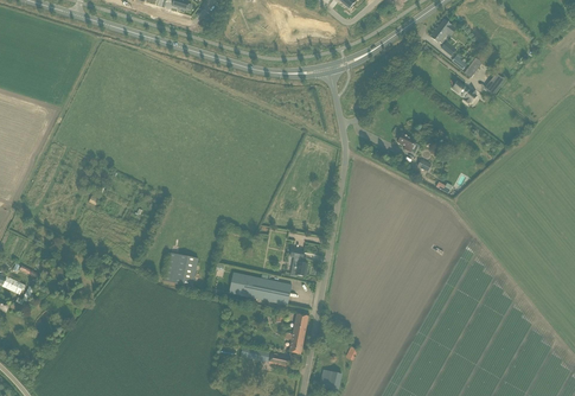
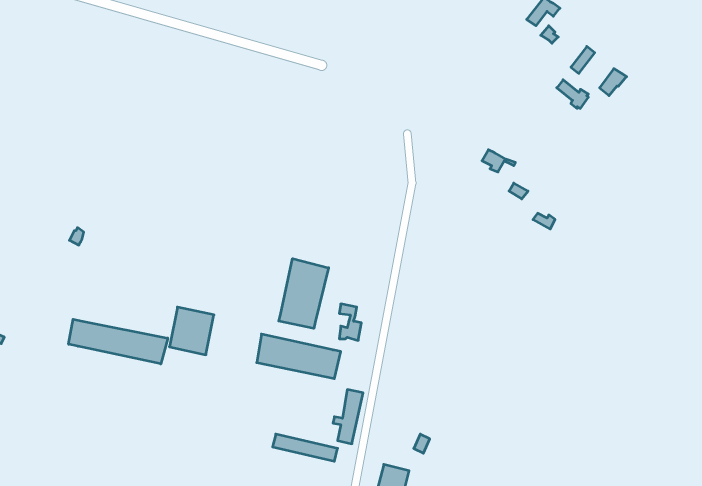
building: none -> [279,259,329,328]
building: none -> [69,319,168,364]

